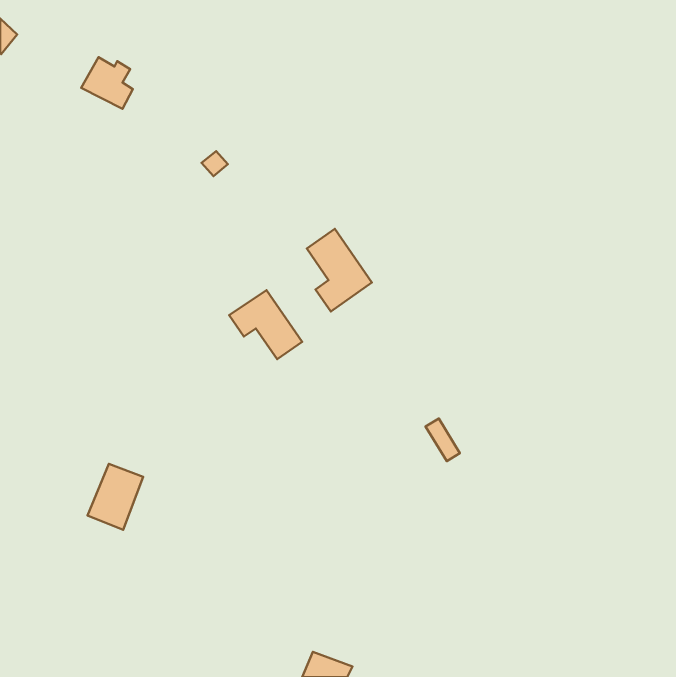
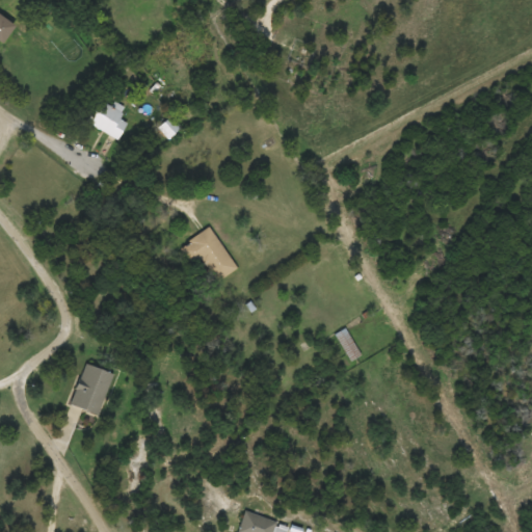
building: [81,57,133,109] -> [86,99,127,139]
building: [307,229,372,311] -> none

